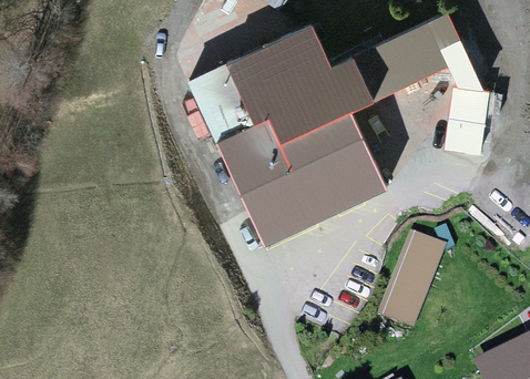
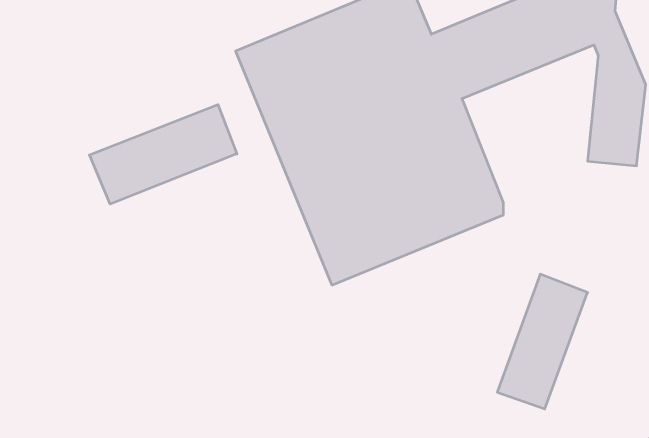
building: none -> [89,105,237,204]

